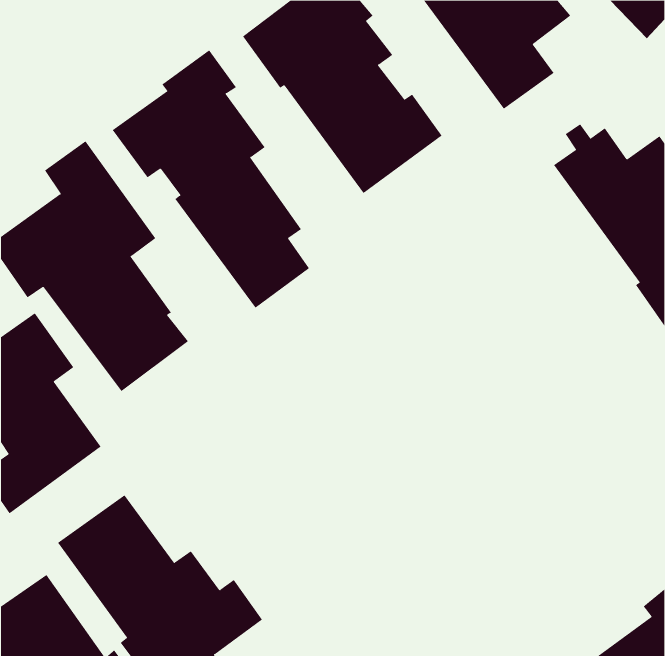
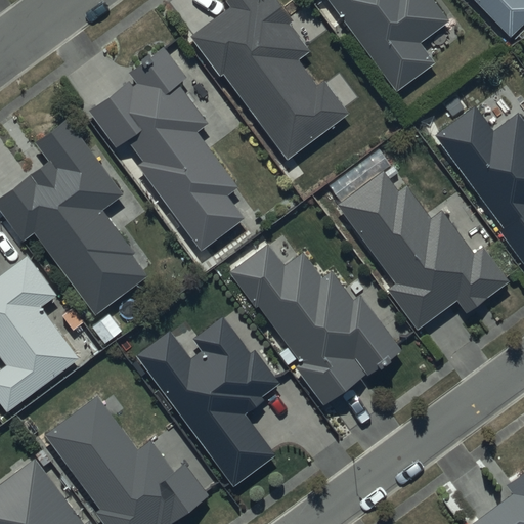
building: none -> [328,152,509,330]
building: none -> [230,245,401,404]
building: none -> [135,316,279,487]

